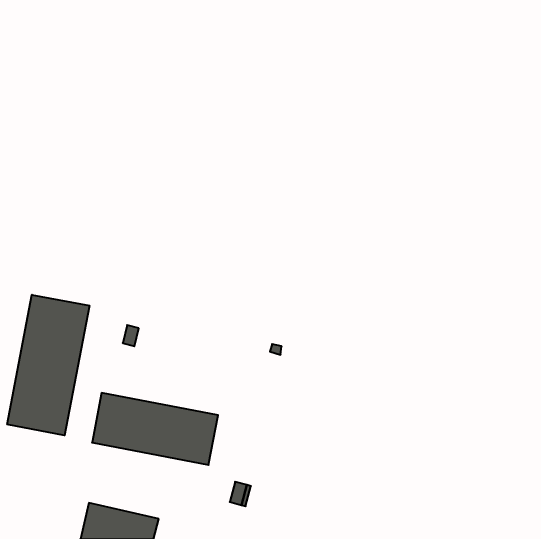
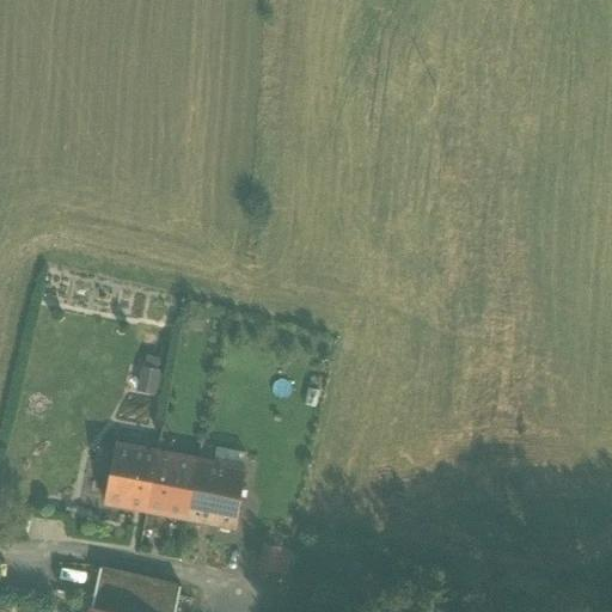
building: [7,295,89,435] -> none

